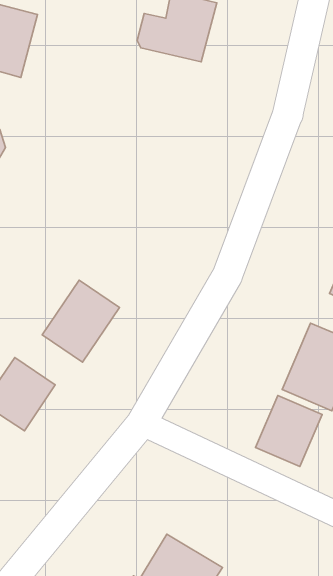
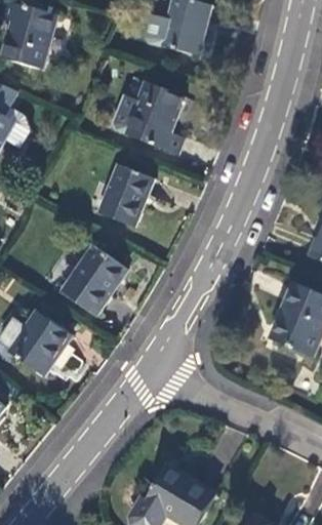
building: none -> [112,81,184,153]
building: none -> [99,164,153,227]
building: [255,396,322,467] -> none

